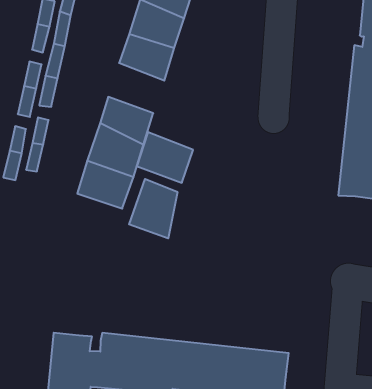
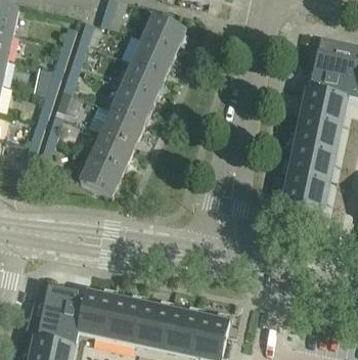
building: [137,132,193,183] -> [110,81,155,123]
building: [129,179,177,238] -> none

